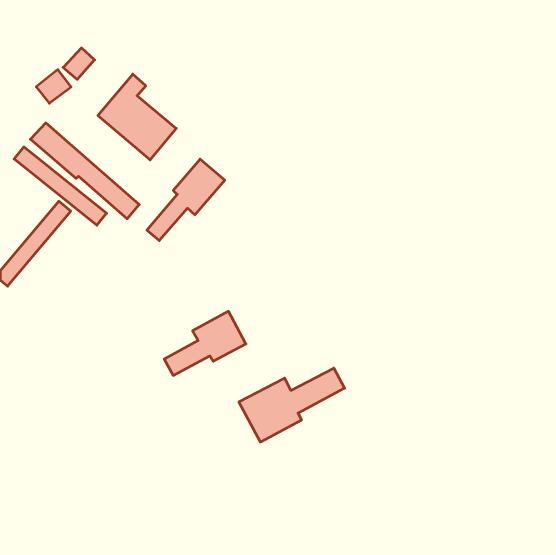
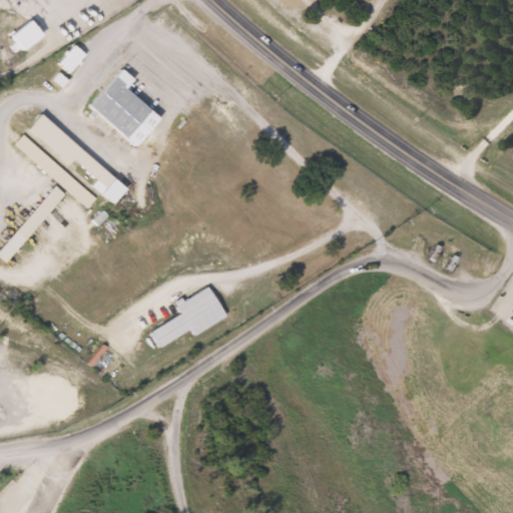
building: [36,70,71,103] -> [12,19,44,50]
building: [147,159,225,241] -> none
building: [239,368,345,442] -> none

